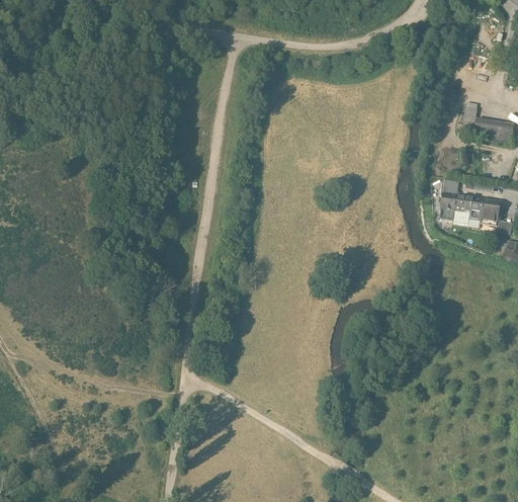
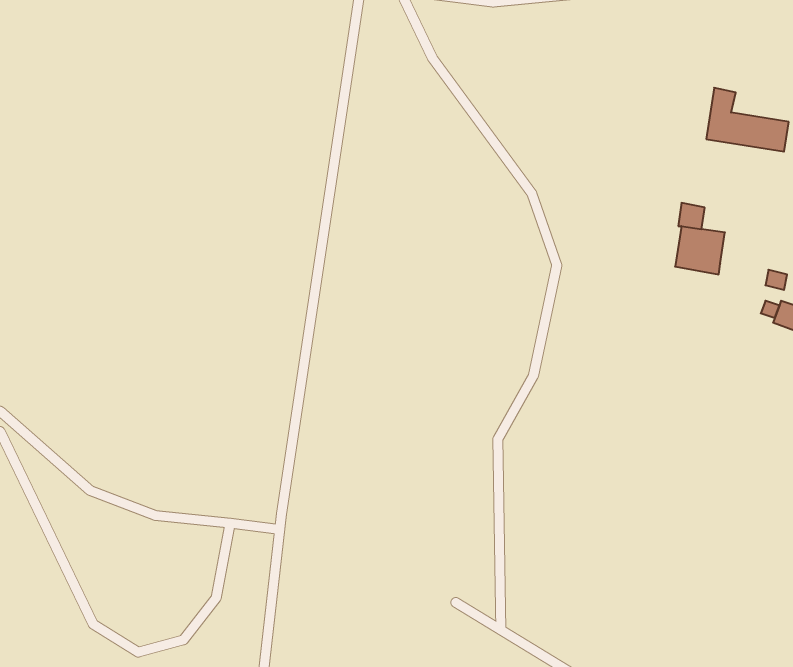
building: [469,195,500,224] -> none

